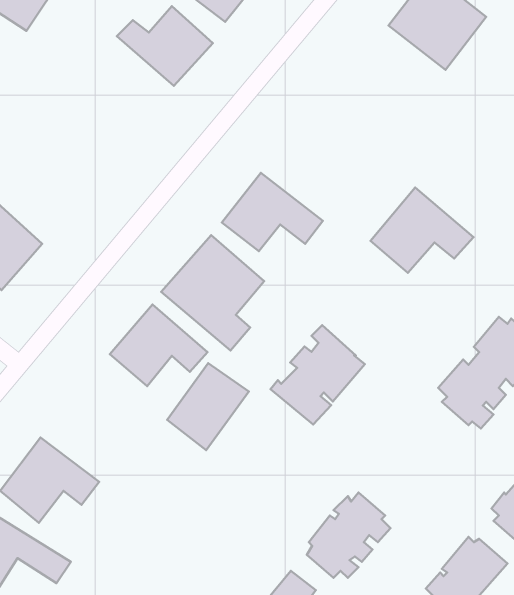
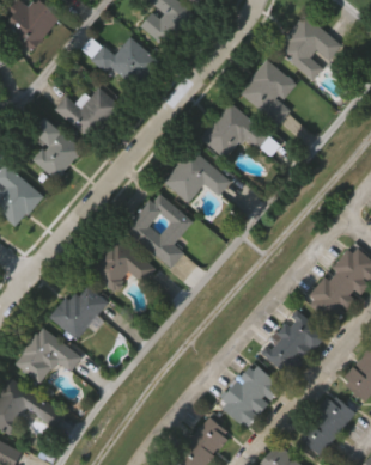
building: none -> [239,59,297,124]
building: none -> [54,87,120,140]
building: none -> [32,117,83,179]
building: [371,188,474,273] -> [200,102,269,159]
building: [271,325,365,425] -> [264,307,328,374]
building: [167,363,249,450] -> [53,281,108,339]

